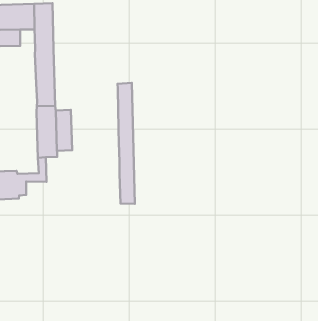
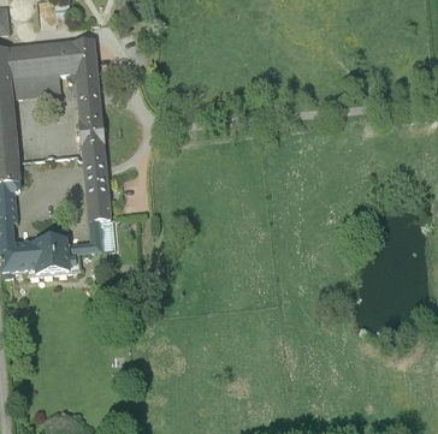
building: [117,83,135,204] -> none
building: [56,110,72,151] -> none

